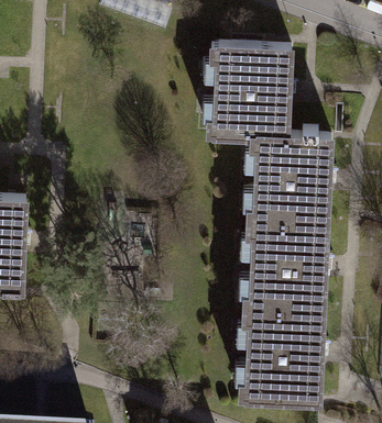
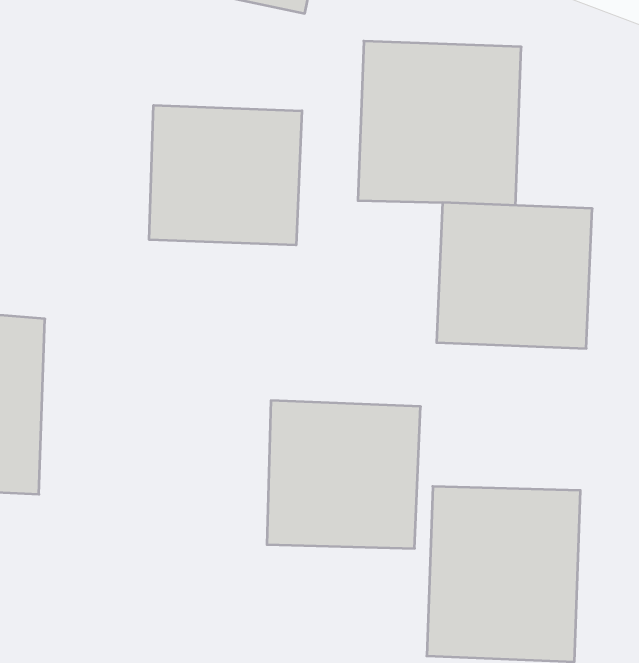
building: none -> [149,105,302,245]
building: [243,204,329,287] -> [267,401,421,548]

